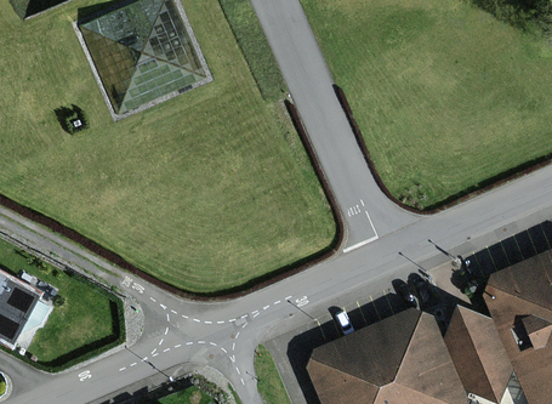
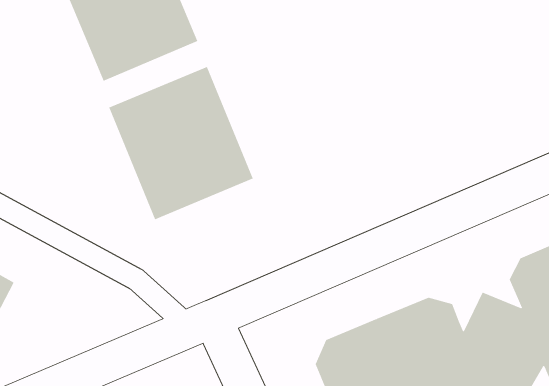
building: none -> [108,66,254,220]

